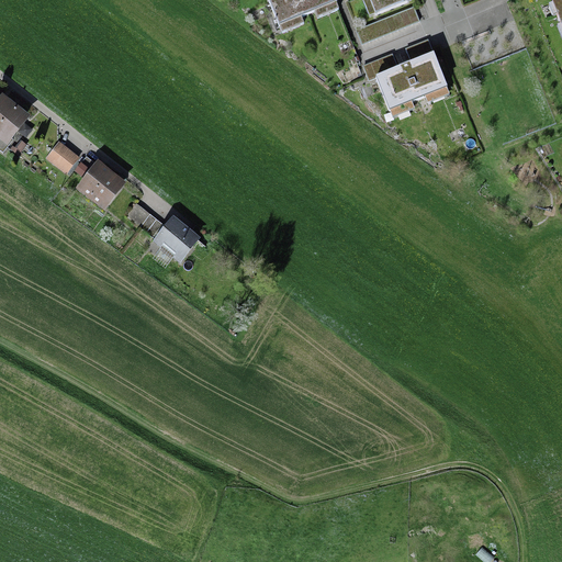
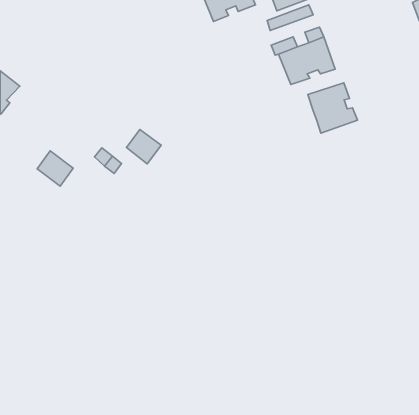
building: none -> [308,83,357,133]
building: [46,139,81,171] -> none
building: [75,160,123,207] -> [37,151,73,186]
building: [151,217,198,263] -> [127,129,161,164]

